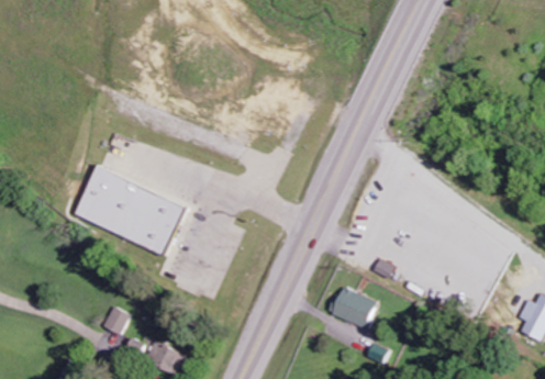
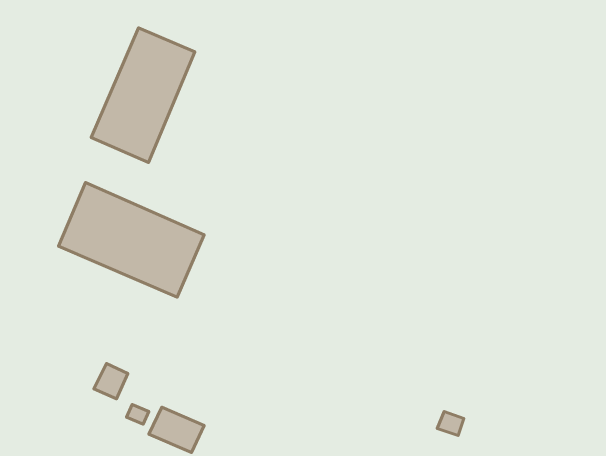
building: none -> [91,28,195,163]
building: [330,288,379,327] -> none

